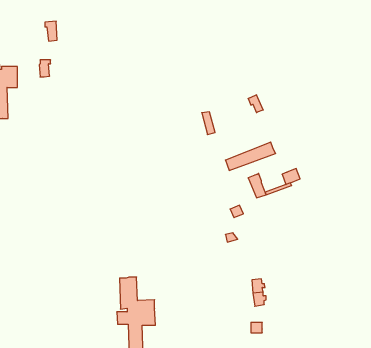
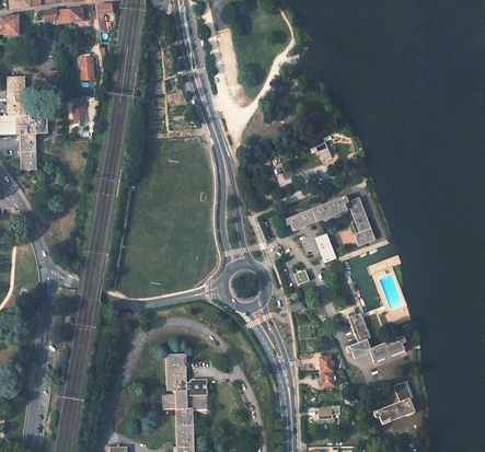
building: none -> [343,197,370,232]
building: none -> [347,311,403,362]
building: none -> [376,382,413,424]

